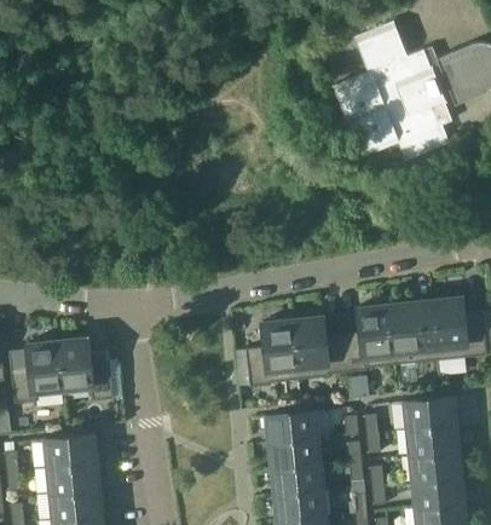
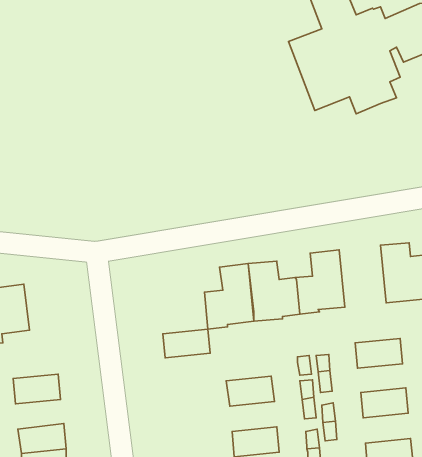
building: [387,299,437,364] -> none
building: [56,336,112,400] -> none
building: [266,411,316,442] -> [163,329,210,358]
building: [406,423,457,454] -> none
building: [47,461,98,492] -> none
building: [272,463,322,495] -> none
building: [412,475,462,507] -> none

